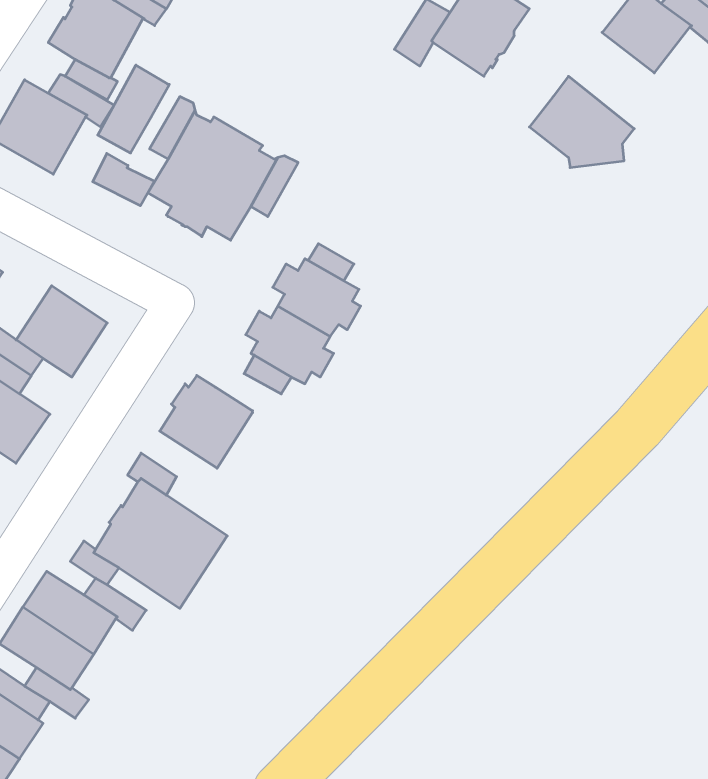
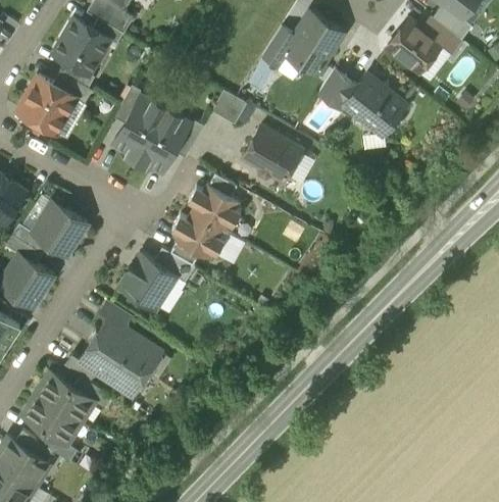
building: [98,65,169,153] -> none
building: none -> [318,69,357,109]
building: none -> [211,91,246,126]
building: [93,153,155,206] -> none
building: none -> [242,128,301,183]
building: none -> [153,249,195,284]

